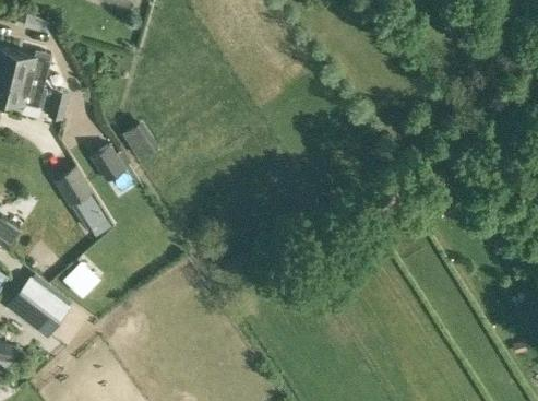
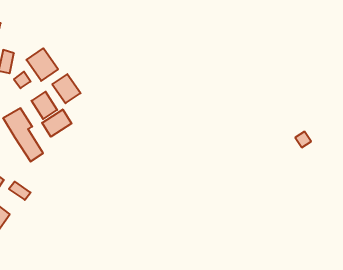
building: none -> [26,48,58,81]
building: none -> [42,109,72,137]

